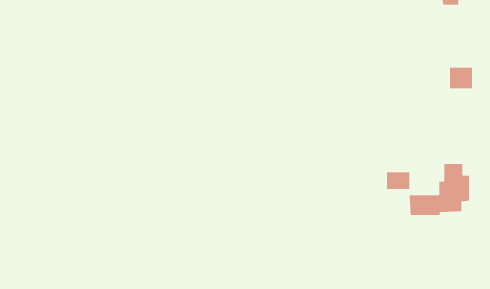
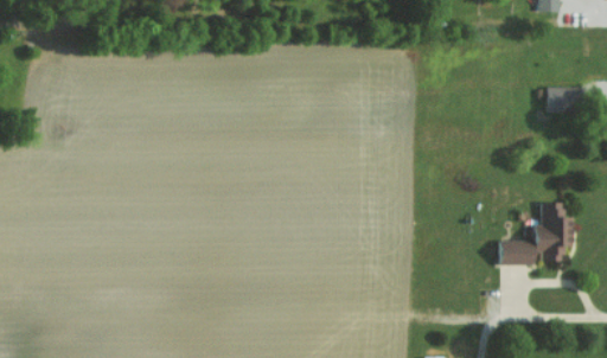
building: [387,172,410,190] -> none

